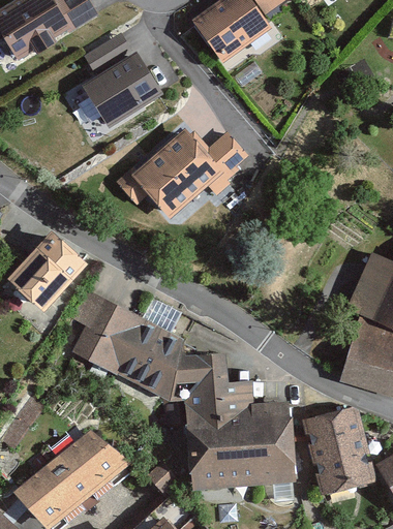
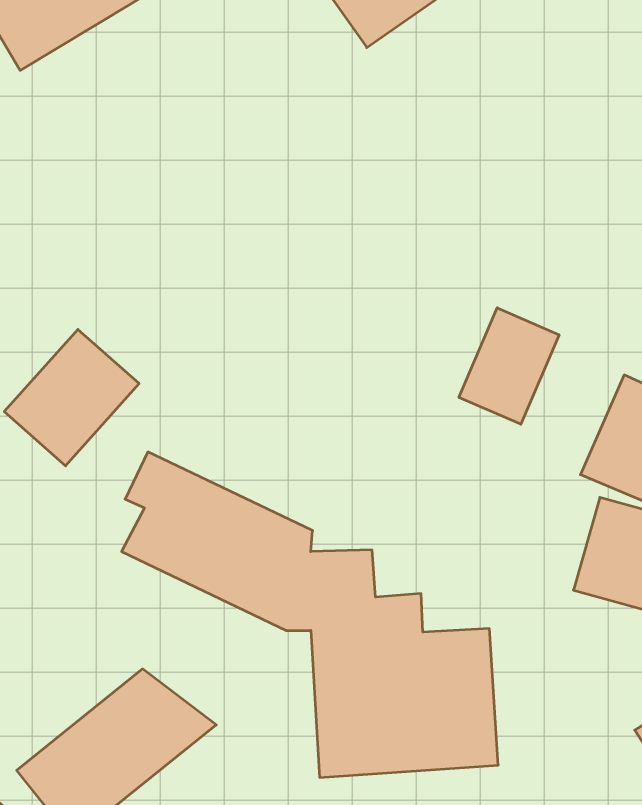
building: [75,40,165,144] -> none
building: [117,125,248,217] -> none
building: none -> [459,308,559,424]
building: [302,406,371,491] -> none

